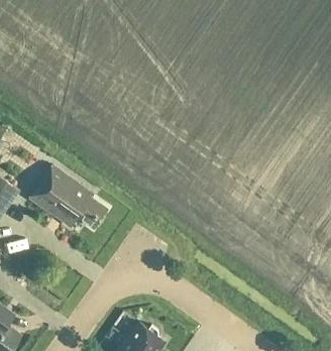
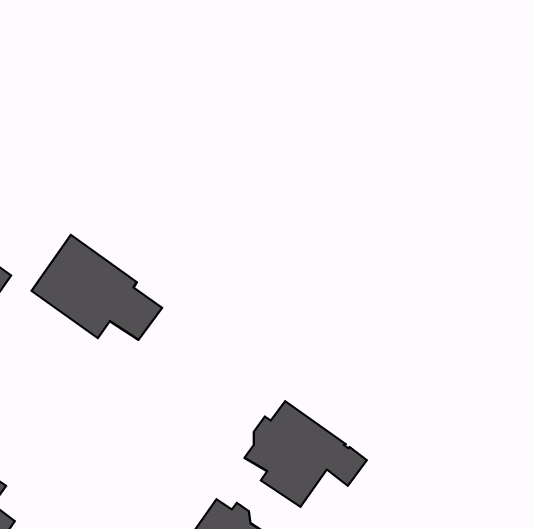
building: none -> [244,401,367,507]

